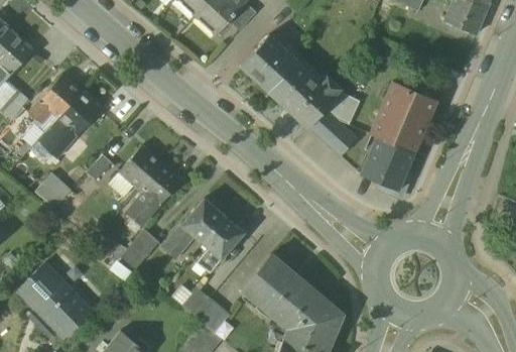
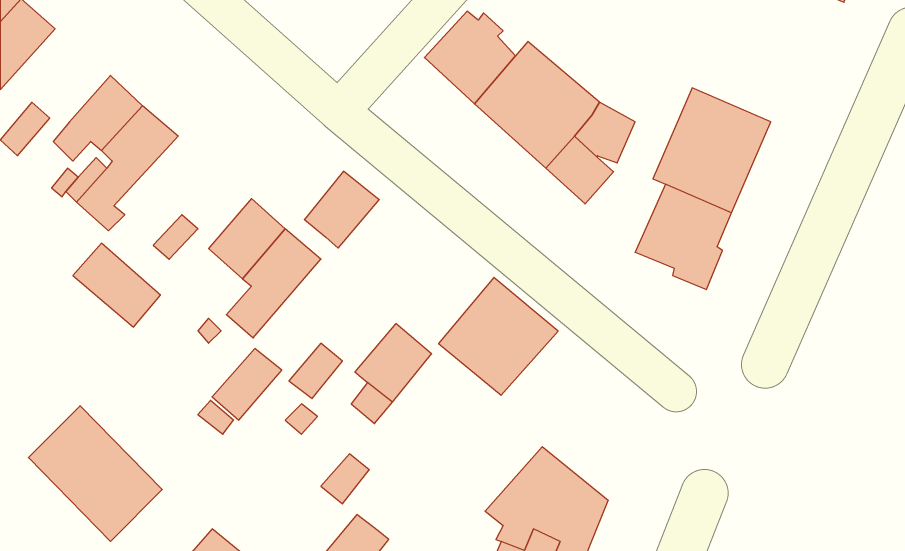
building: [182,200,225,243] -> [304,171,379,248]
building: [240,255,307,322] -> [439,277,558,395]
building: [195,299,229,333] -> none

